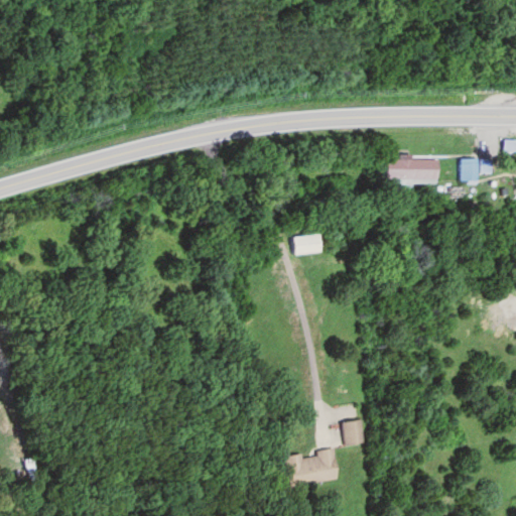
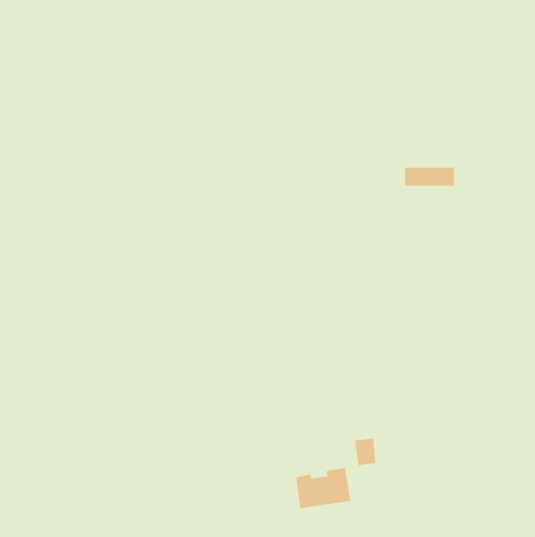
building: [461,159,478,182] -> none
building: [292,236,319,254] -> none

